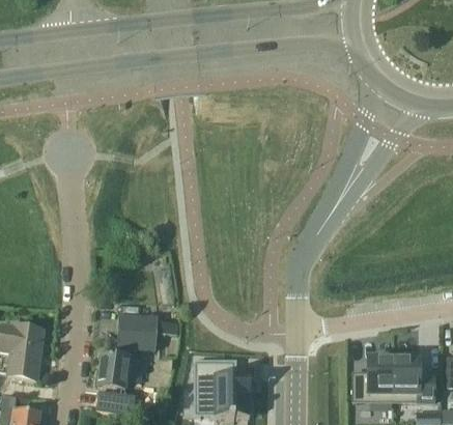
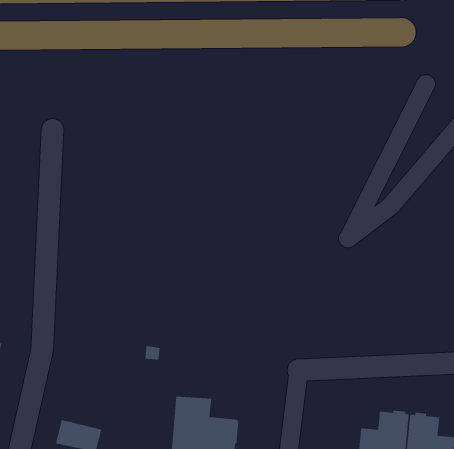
building: [117,312,158,348] -> none
building: [97,352,141,388] -> none

